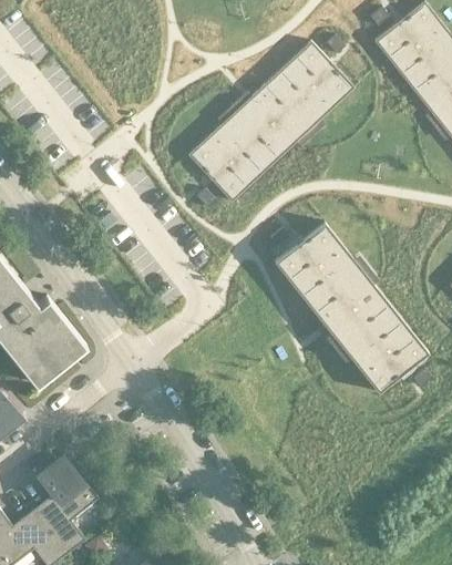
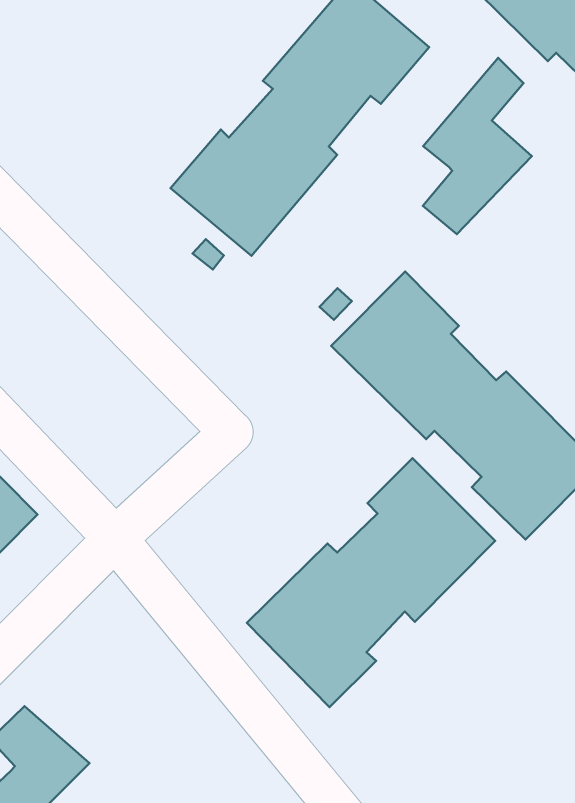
building: none -> [423,58,532,234]
building: none -> [247,458,495,707]

